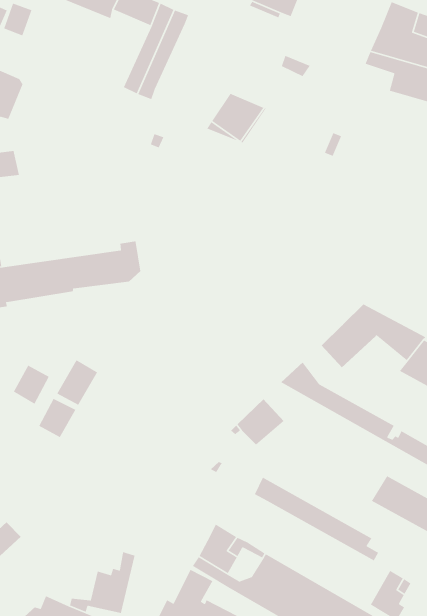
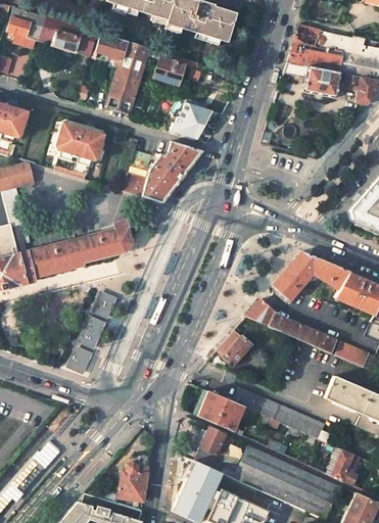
building: none -> [147,48,202,85]
building: none -> [56,121,107,180]
building: none -> [125,142,202,203]
building: [13,365,50,405] -> [92,289,119,319]
building: none -> [197,390,244,431]

